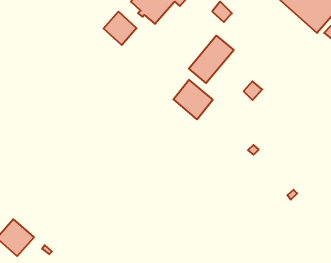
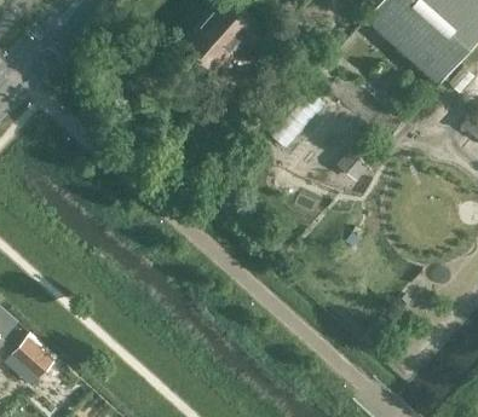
building: [104,12,137,45] -> none
building: [173,80,213,119] -> none

